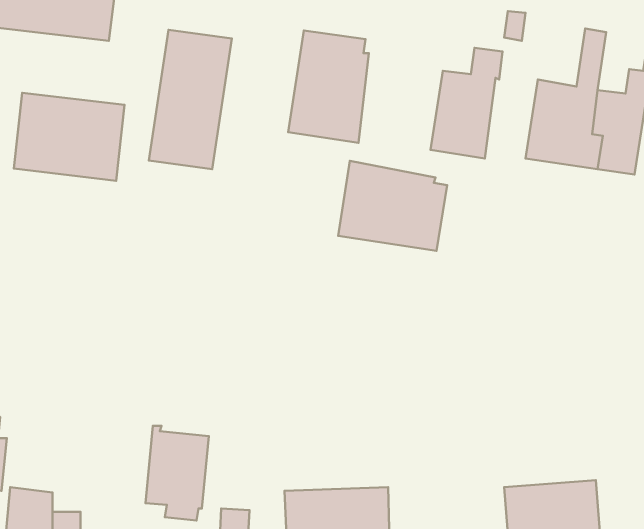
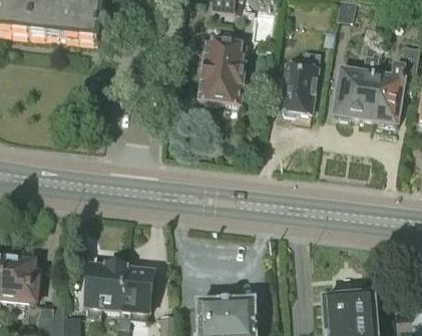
building: [149,30,232,169] -> none
building: [14,93,125,181] -> none
building: [338,161,447,251] -> none
building: none -> [84,264,121,318]

